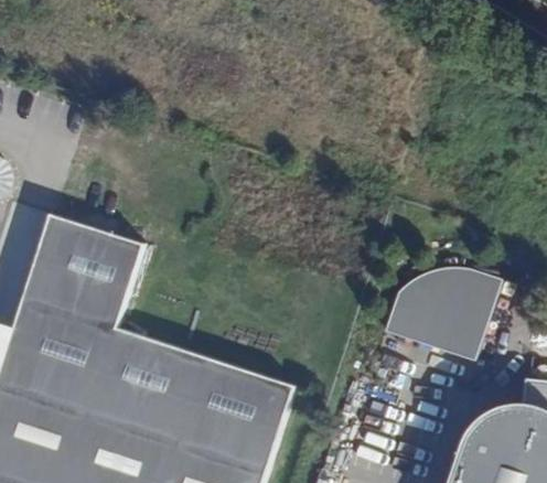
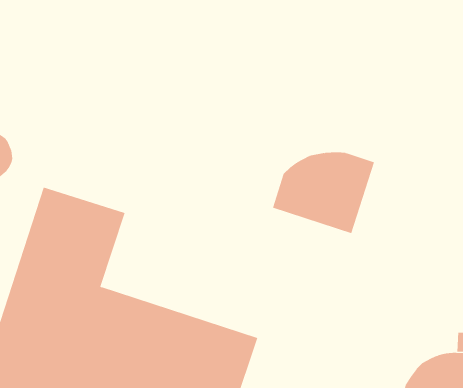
building: [382,267,498,361] -> [272,152,375,234]

